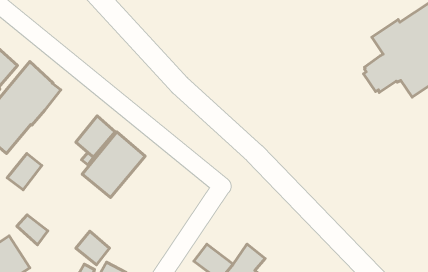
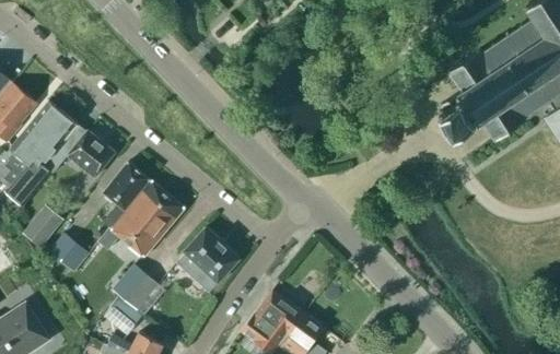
building: none -> [67,130,115,177]
building: none -> [177,228,238,291]
building: none -> [113,264,165,316]
building: [17,215,48,245] -> [51,235,88,270]
building: none -> [256,290,302,334]

